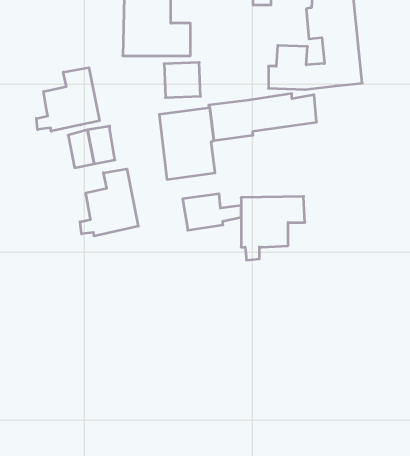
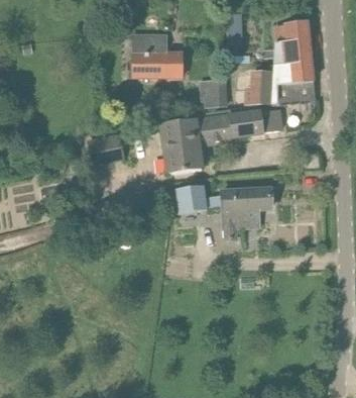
building: [164,62,201,98] -> [199,79,227,106]
building: [36,68,99,131] -> none
building: [80,169,138,236] -> none

